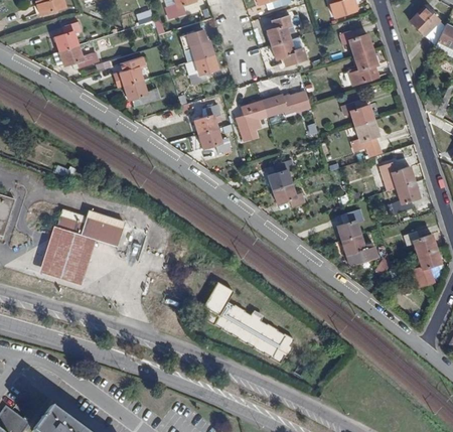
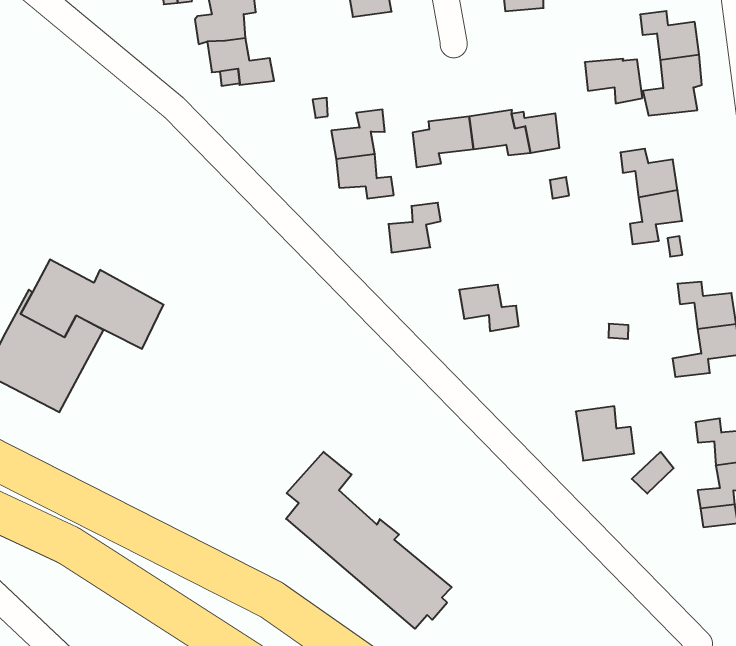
building: [271,38,303,62] -> [585,59,642,103]
building: [188,54,217,85] -> none
building: [268,160,294,189] -> [388,203,441,252]
building: [336,209,363,241] -> none

